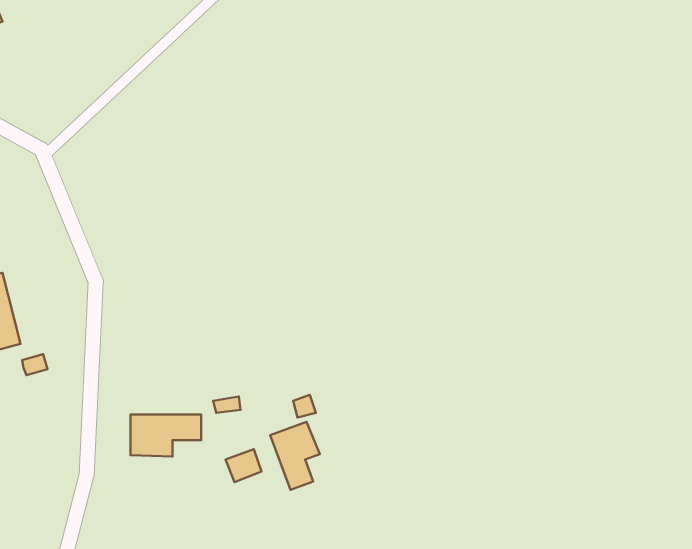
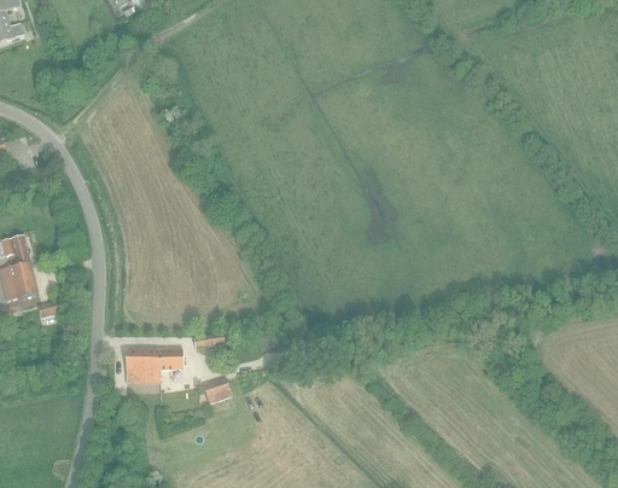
building: [270,422,320,490] -> none

